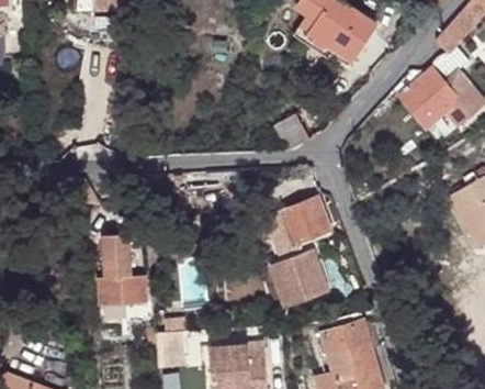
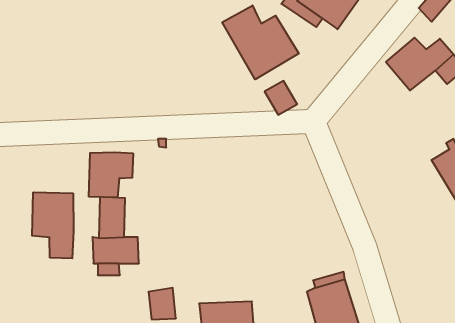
building: none -> [222,5,299,79]
building: none -> [89,152,133,197]
building: [261,199,330,308] -> none
building: none -> [32,192,73,258]

